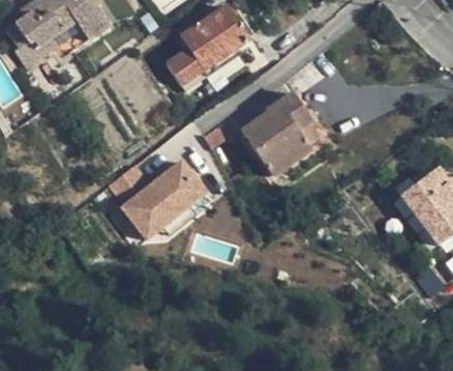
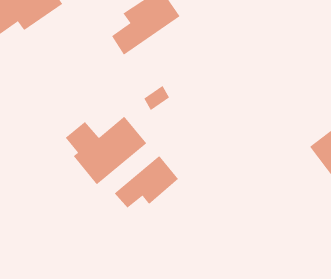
building: [243,92,320,175] -> none
building: none -> [114,155,179,209]

